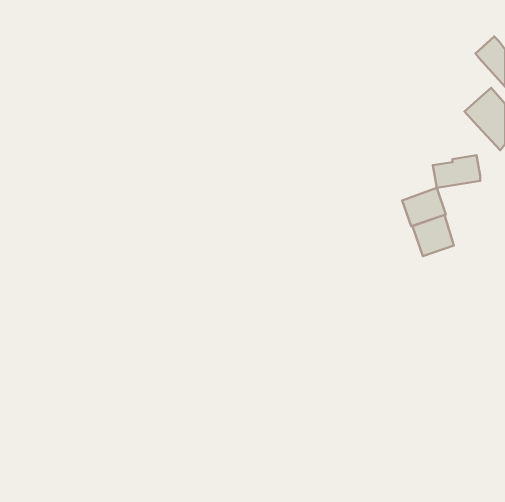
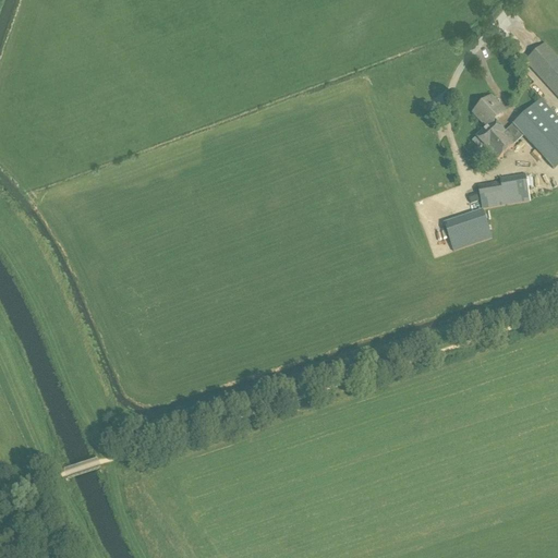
building: none -> [472,93,522,160]
building: [412,215,454,256] -> none

